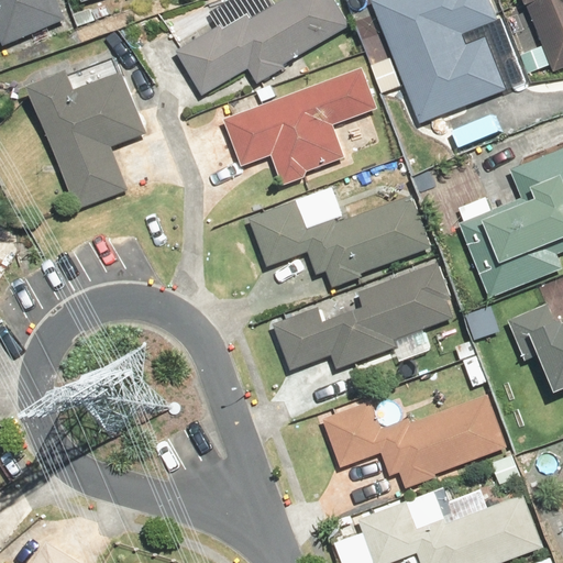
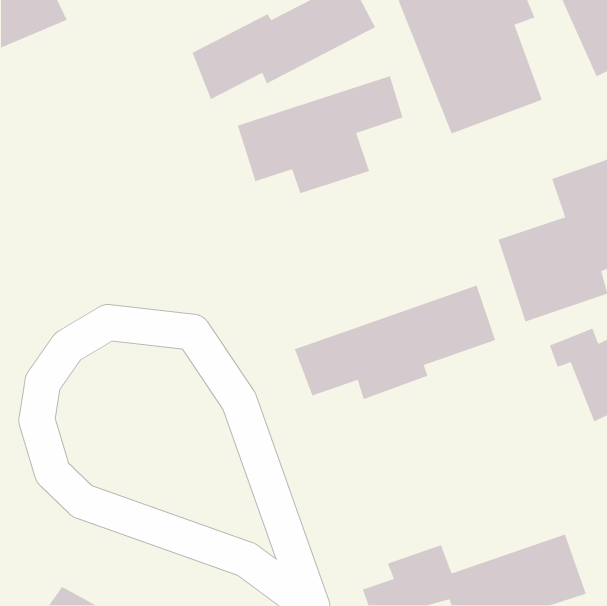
building: [22,68,146,210] -> none
building: [249,187,433,286] -> none
building: [319,397,504,501] -> none

